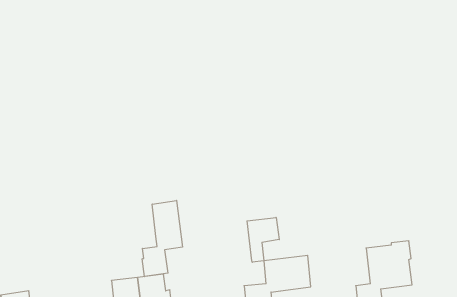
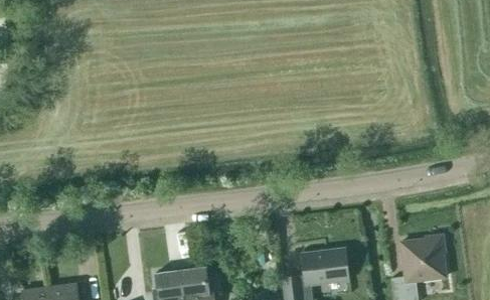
building: [142,200,182,277] -> none
building: [247,217,279,262] -> none

